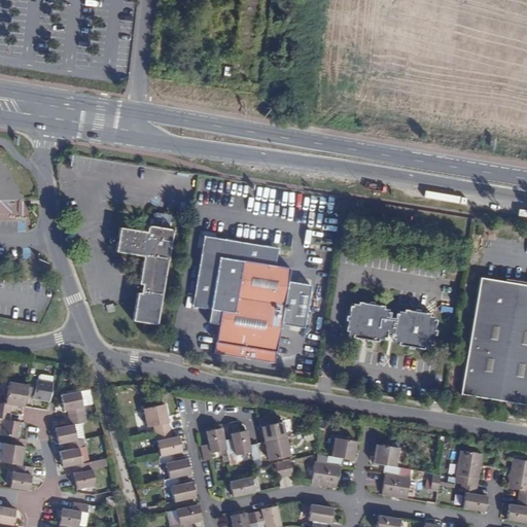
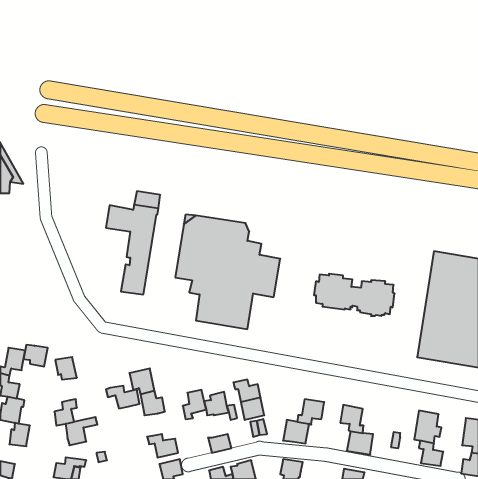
building: [56,415,86,444] -> none
building: [154,454,191,479] -> [106,386,140,408]

